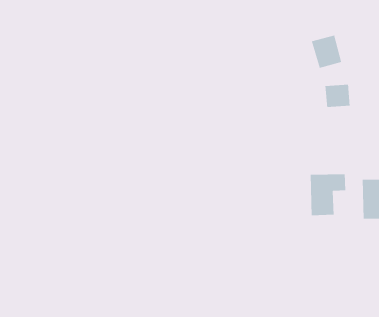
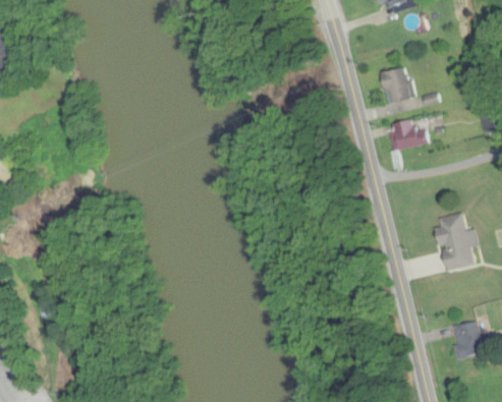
building: [310,174,346,216] -> none

